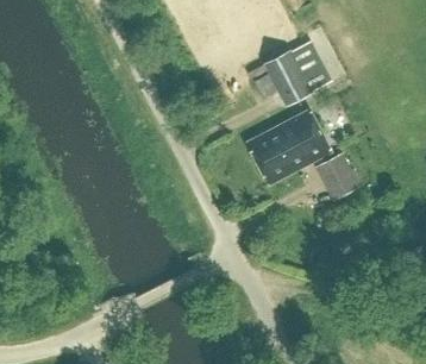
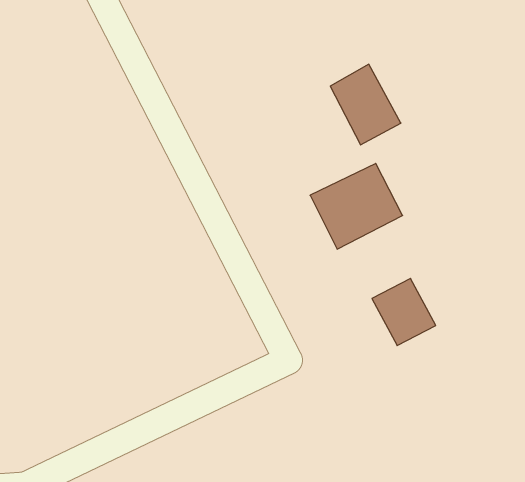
building: [292,39,332,90] -> none
building: [315,152,361,200] -> [372,278,436,346]

